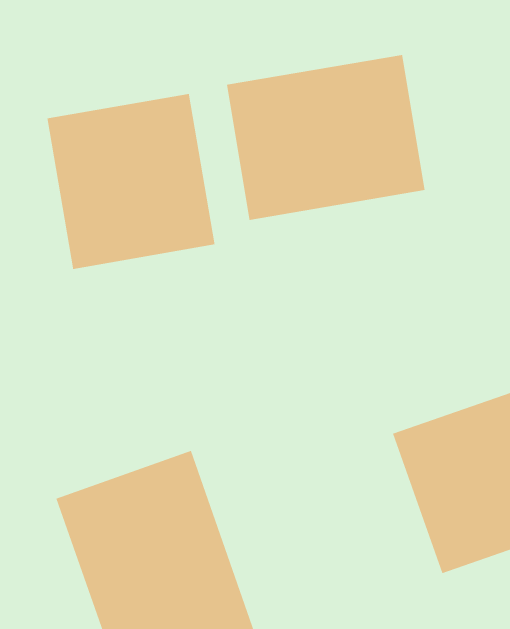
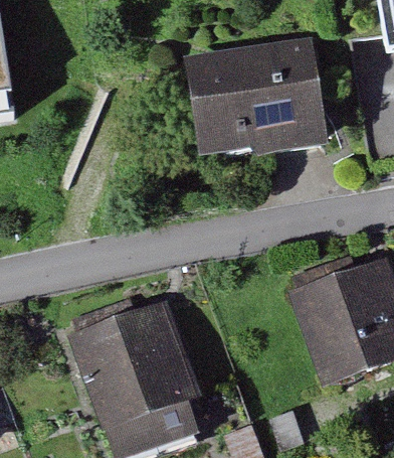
building: [47,93,215,270] -> none

